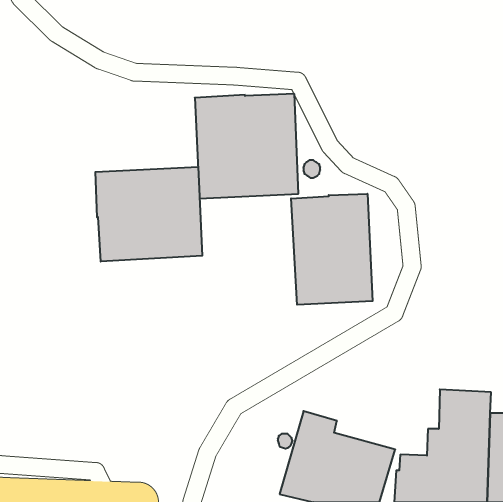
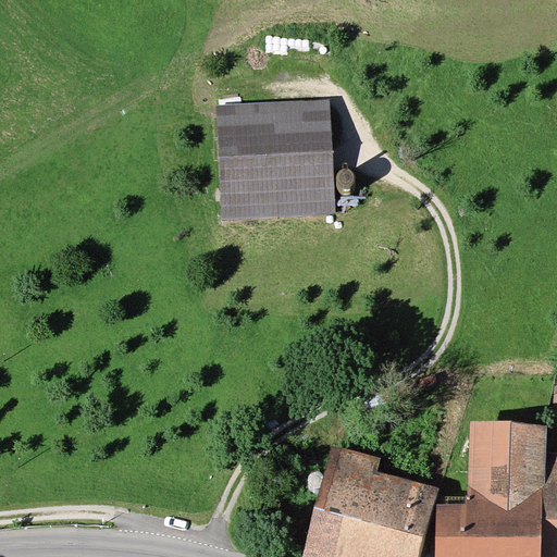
building: [95,167,202,262] -> none
building: [291,194,373,305] -> none

